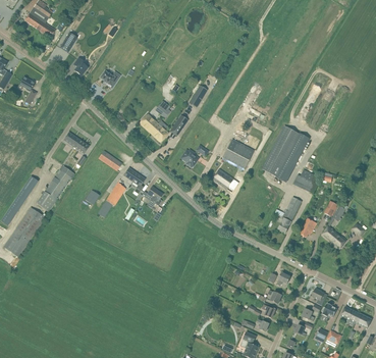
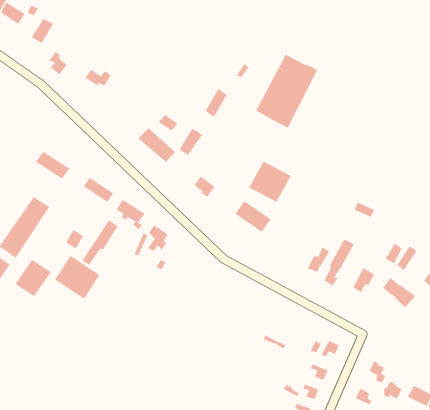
building: [262,125,309,182] -> [255,53,318,129]
building: none -> [54,255,100,300]
building: none -> [14,259,52,297]

